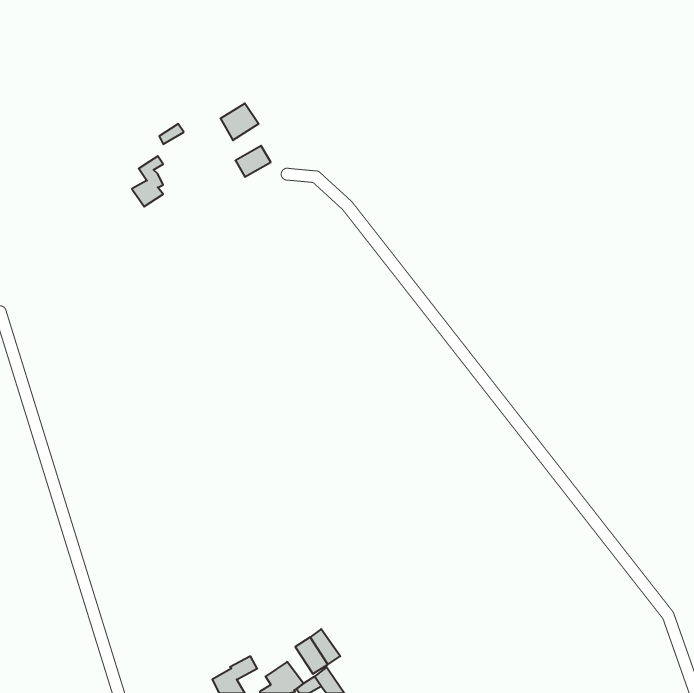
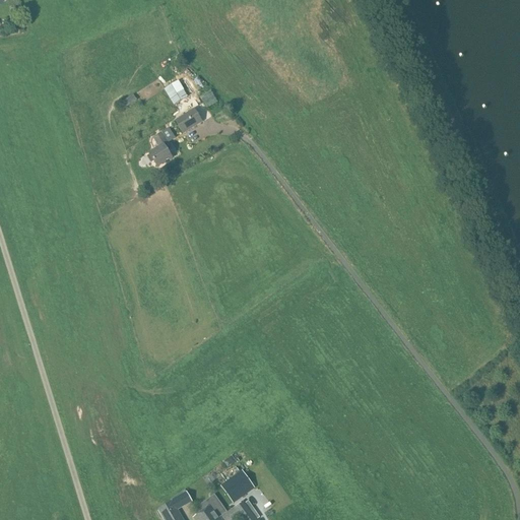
building: [132,156,163,207] -> [150,128,174,166]

